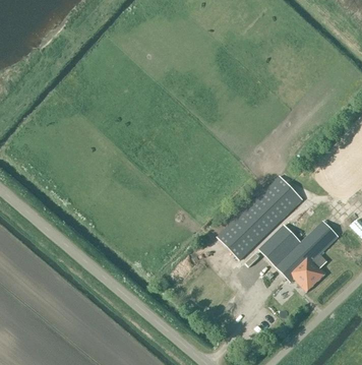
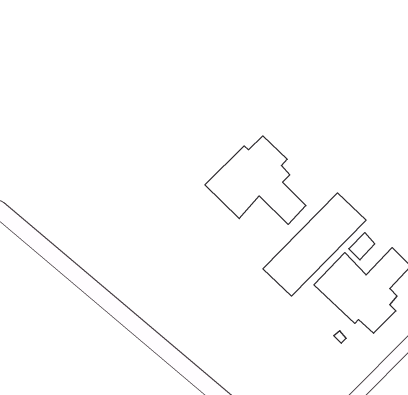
building: none -> [205,136,306,224]

